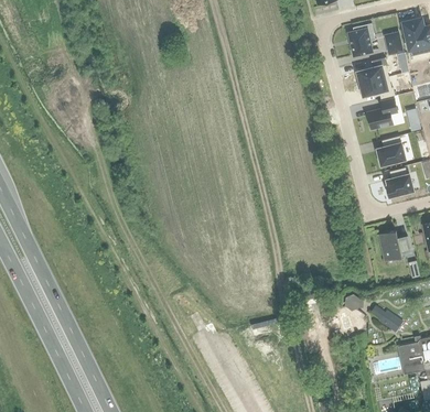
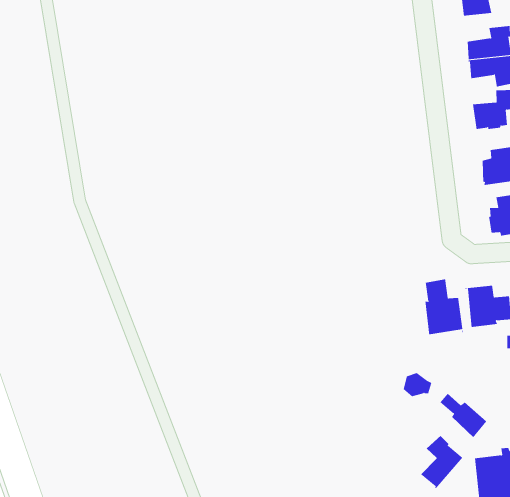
building: none -> [425,279,463,335]
building: none -> [420,435,463,489]

